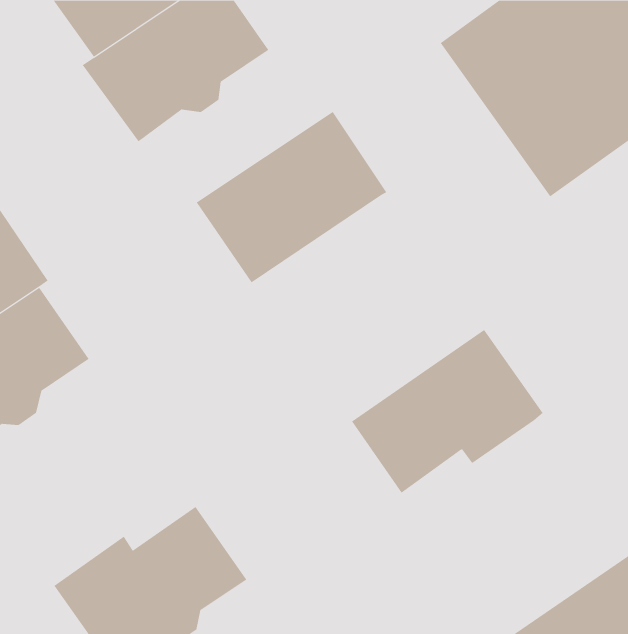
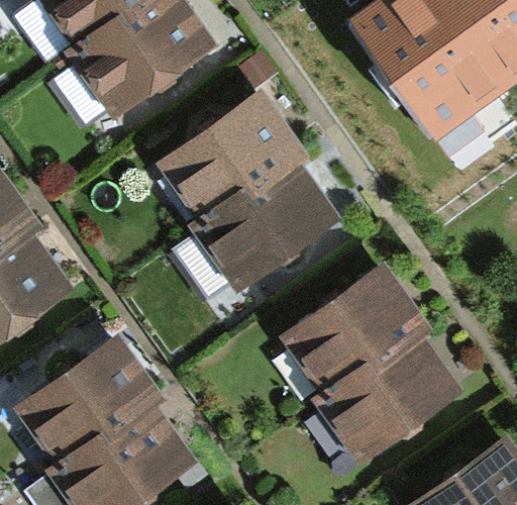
building: none -> [193,159,341,292]
building: none -> [13,331,166,461]
building: none -> [311,335,463,466]

